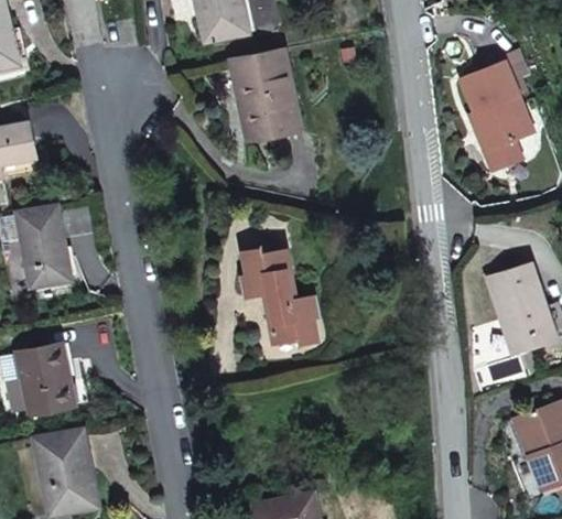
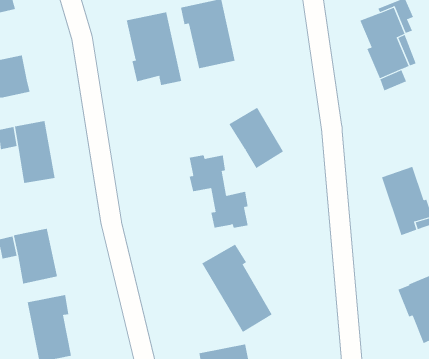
building: none -> [126,11,182,86]
building: none -> [228,107,284,169]
building: none -> [201,244,273,333]

